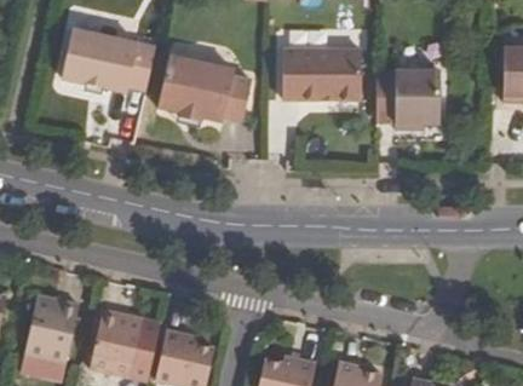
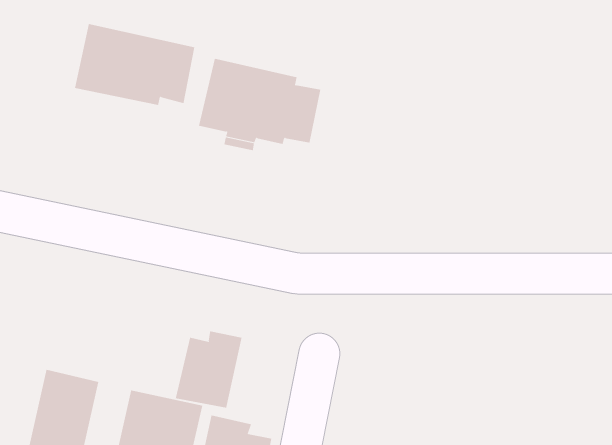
building: [282,50,361,100] -> none
building: [375,71,439,131] -> none
building: none -> [175,330,242,408]

